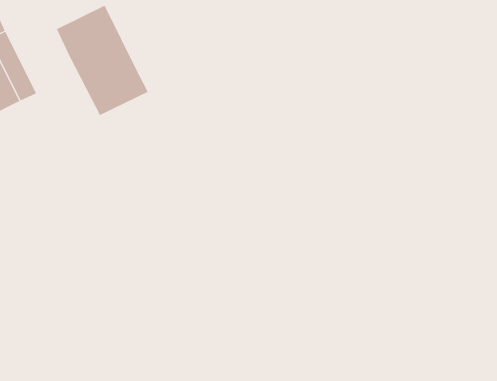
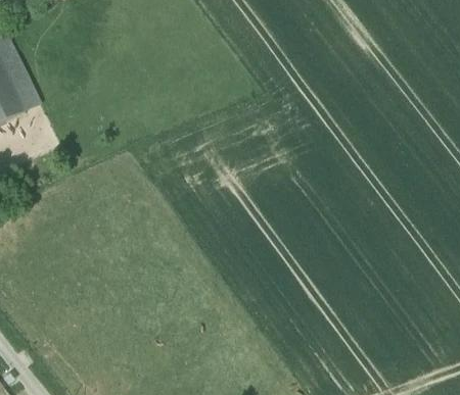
building: [56,5,149,116] -> none

